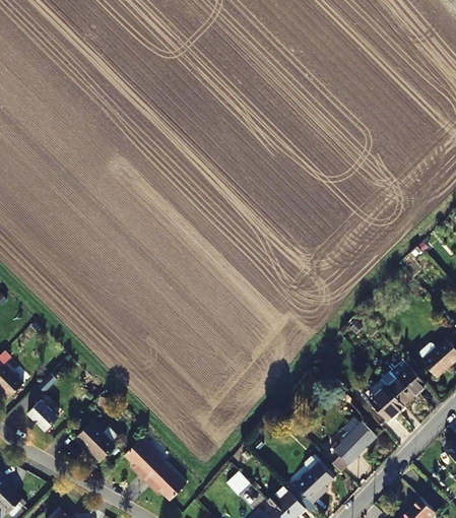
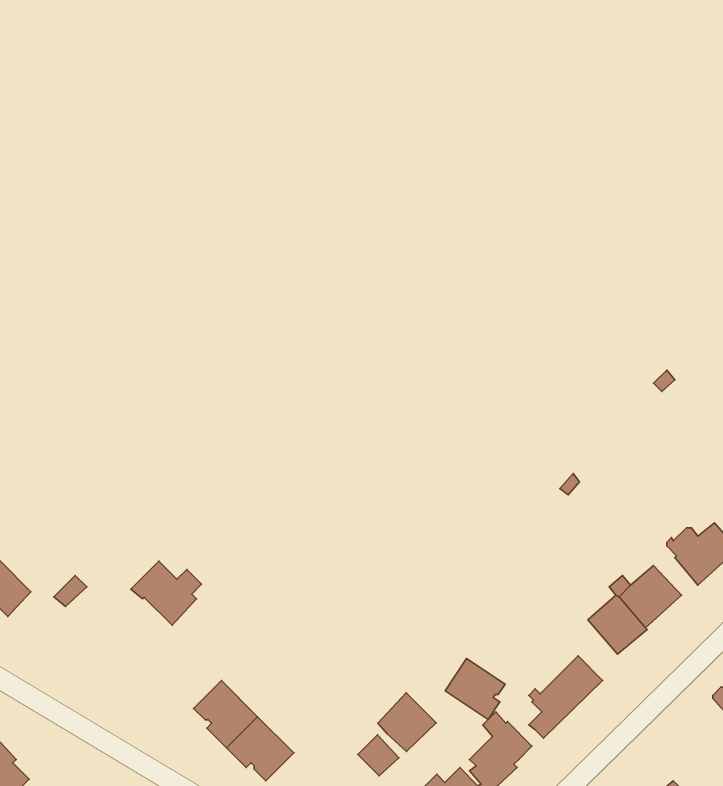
building: [27,399,59,431] -> none
building: [75,422,119,461] -> [131,561,202,625]
building: none -> [445,658,505,720]
building: none -> [378,693,436,752]

